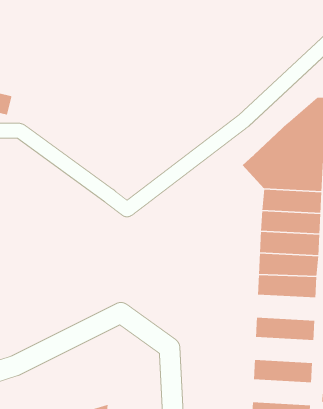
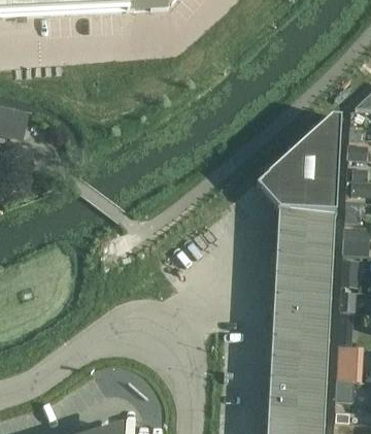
building: none -> [270,313,330,338]
building: none -> [268,356,328,380]
building: none -> [266,398,326,423]

